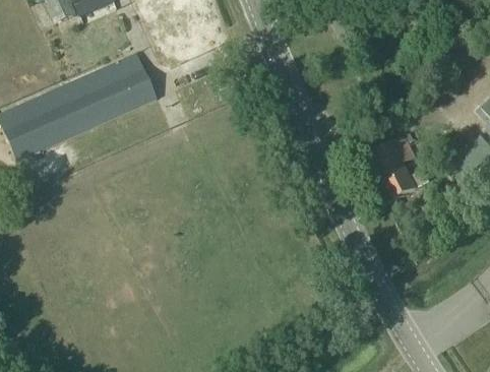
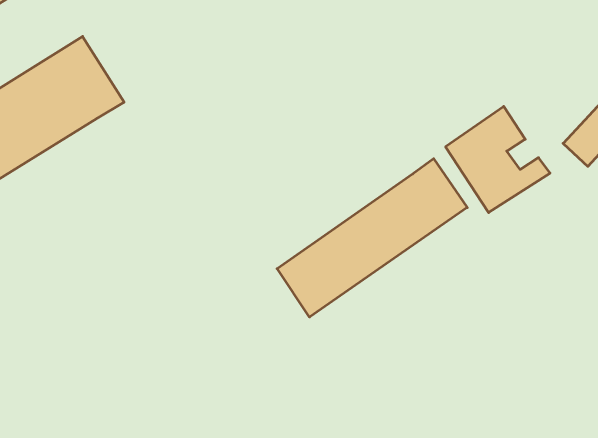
building: none -> [277,159,467,317]

